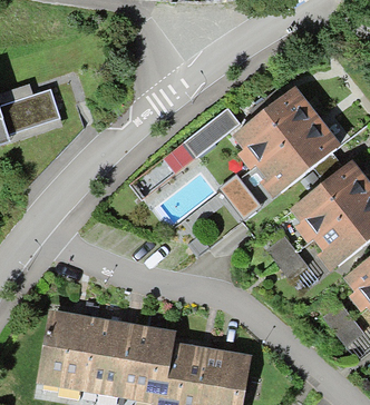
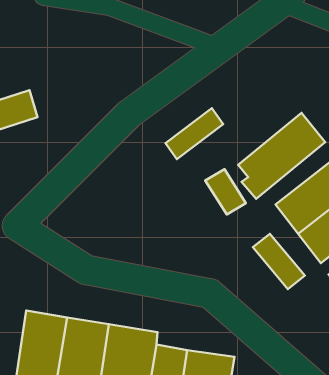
building: [232,87,318,169] -> none

